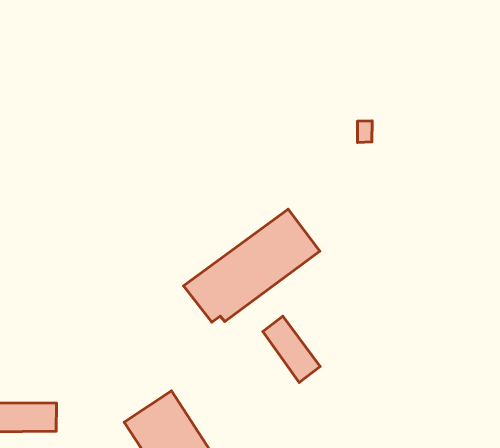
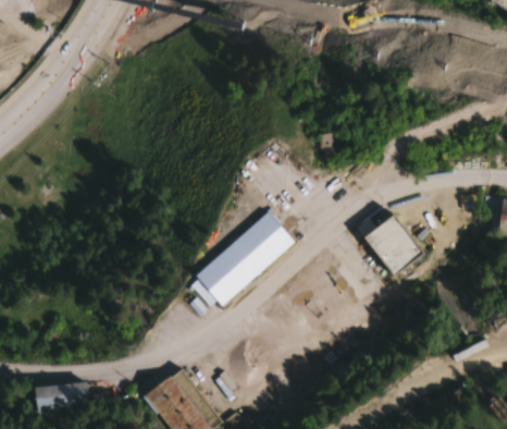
building: none -> [359,212,426,280]
building: [263,316,320,382] -> none

